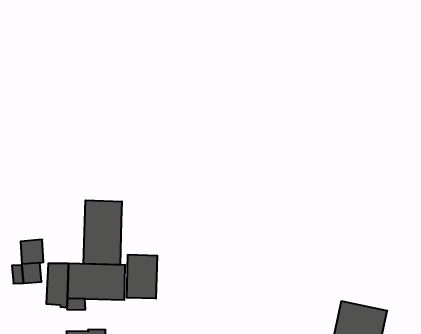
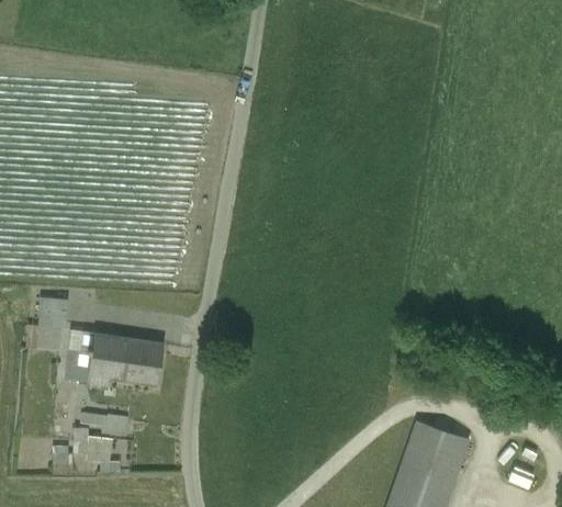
building: [84,200,122,265] -> none
building: [127,255,157,299] -> none

